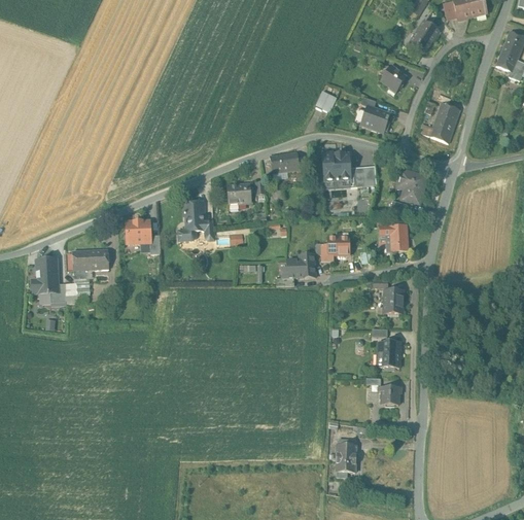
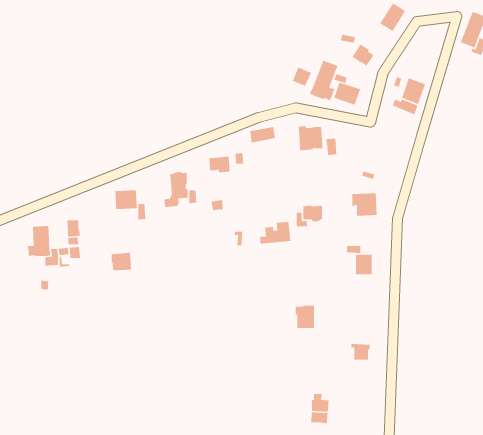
building: none -> [309,59,339,102]
building: [395,169,426,204] -> none
building: [88,250,110,271] -> [111,252,132,271]
building: [378,341,399,367] -> [295,305,315,329]

